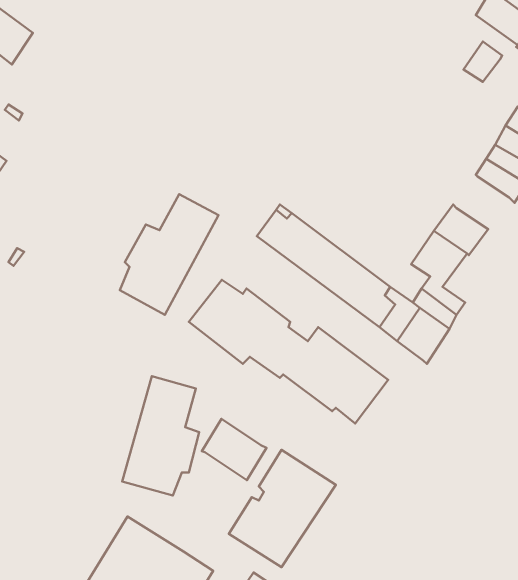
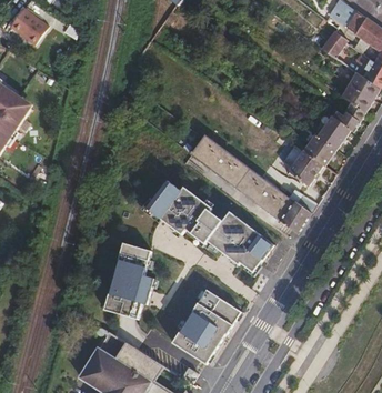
building: none -> [316,117,350,150]
building: [120,194,218,315] -> none
building: [202,419,267,480] -> none

